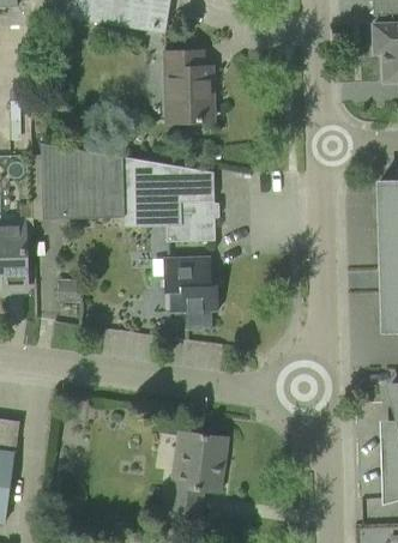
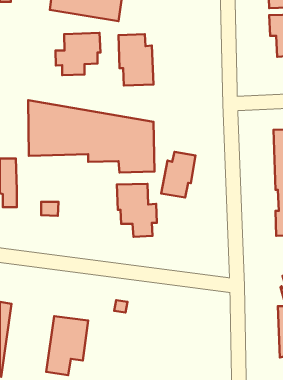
building: none -> [55,33,100,75]
building: none -> [161,152,196,197]
building: [169,432,227,513] -> [46,316,88,375]

